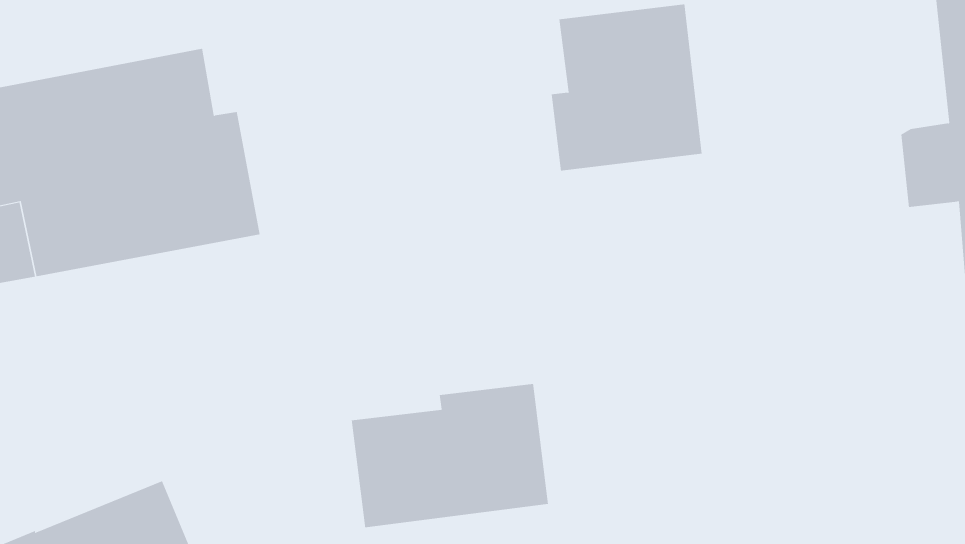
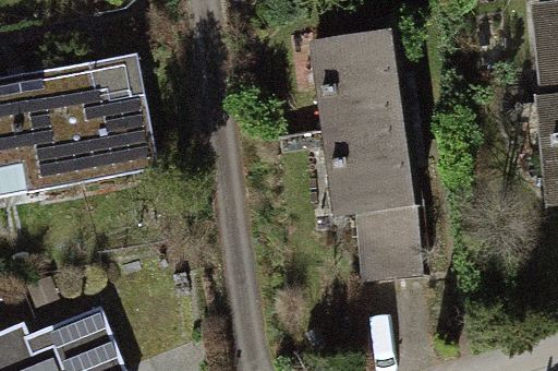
building: none -> [325,121,426,279]
building: [351,383,548,528] -> none

